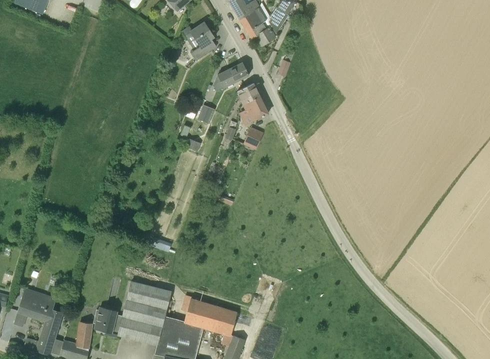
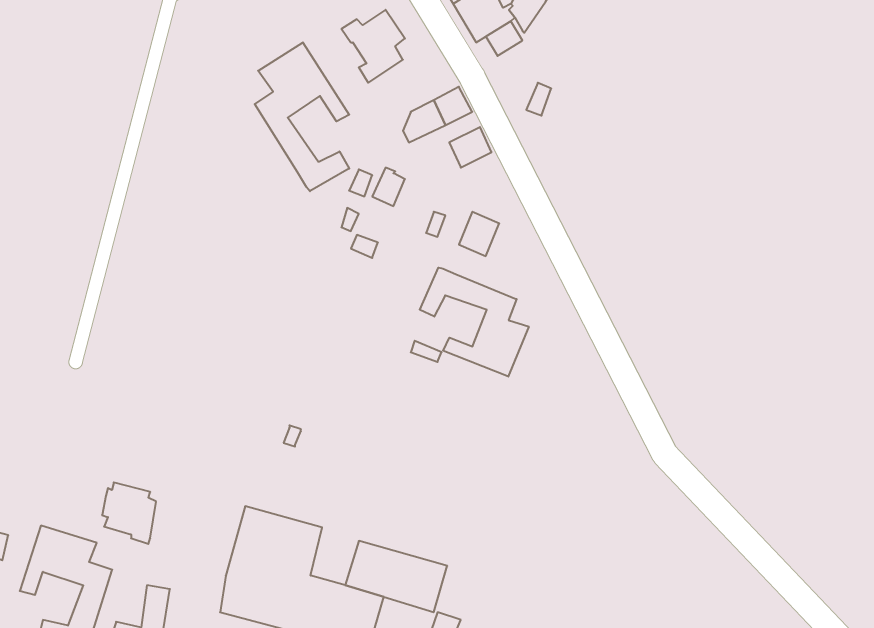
building: none -> [255,42,349,191]
building: [240,96,268,124] -> none
building: none -> [420,268,529,377]
building: [93,306,121,338] -> [102,482,156,544]

